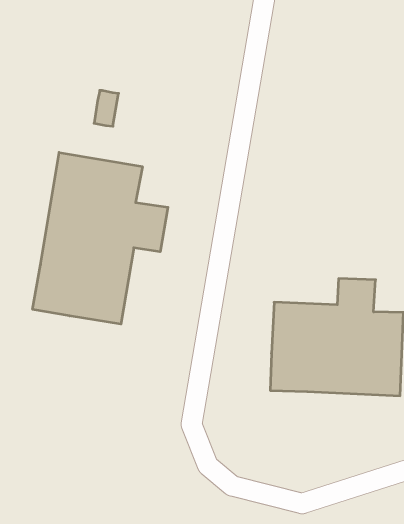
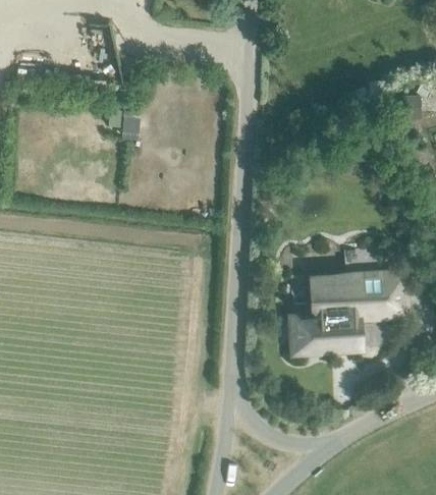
building: [33,152,168,324] -> none

